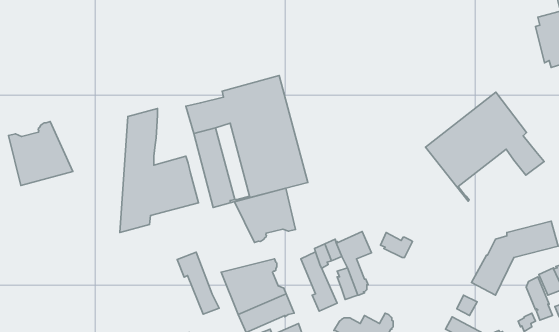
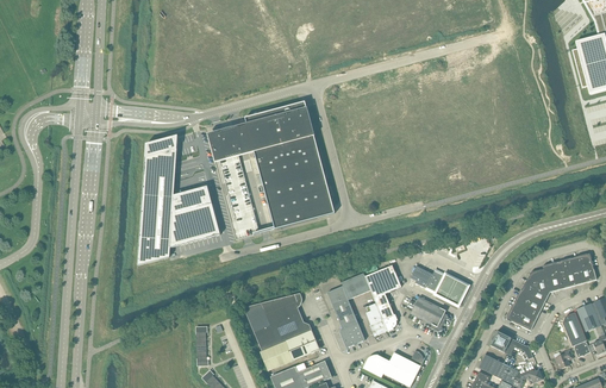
building: [426,92,544,201] -> none
building: [9,122,73,185] -> none
building: [235,188,295,243] -> none
building: none -> [433,271,470,307]
building: [177,252,219,314] -> none
building: none -> [411,296,449,331]

